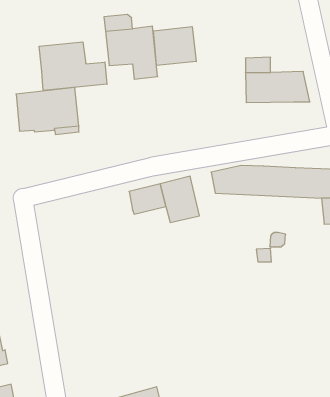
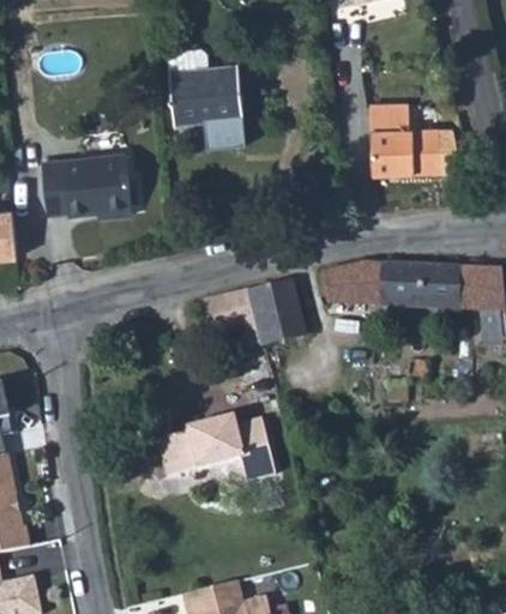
building: [154,27,196,66] -> none
building: [39,42,107,91] -> none
building: none -> [157,415,276,481]

